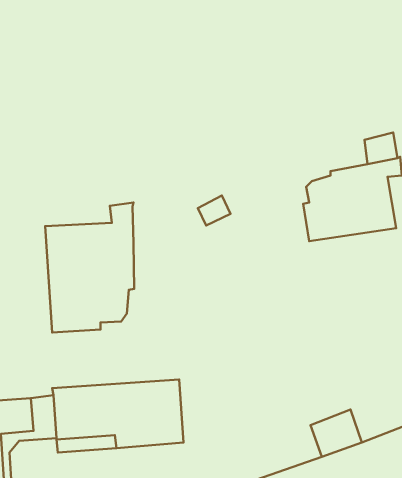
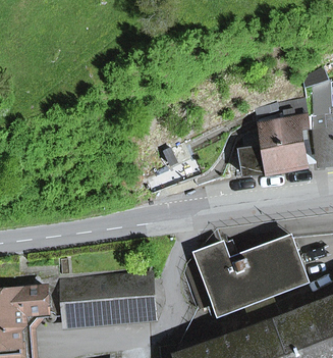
building: [45,203,134,332] -> none
building: none -> [185,237,307,314]

